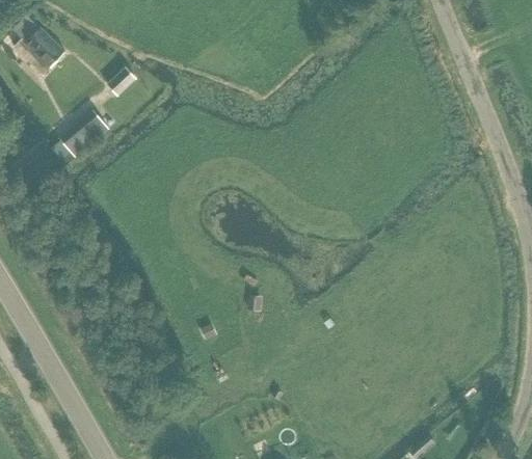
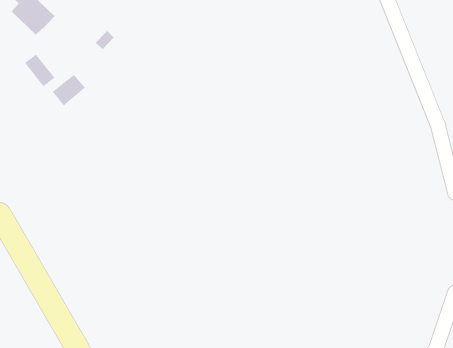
building: none -> [24,54,55,87]

